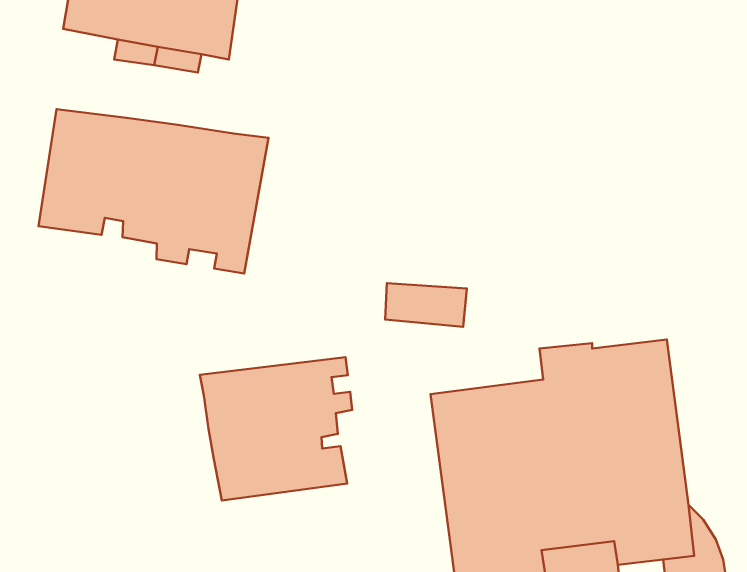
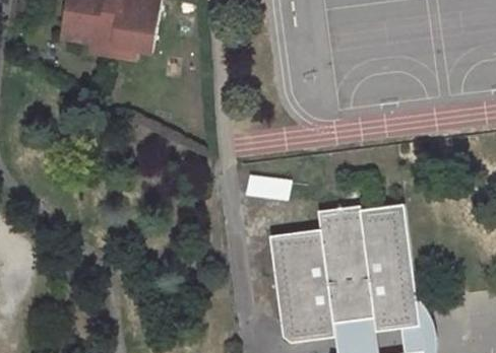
building: [38,109,268,273] -> none
building: [200,357,352,501] -> none

